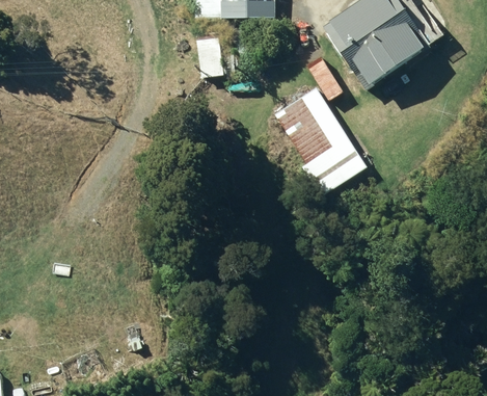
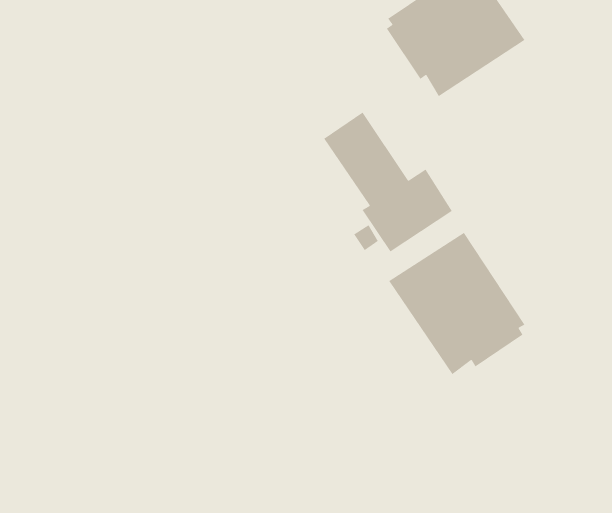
building: none -> [388,232,525,375]

